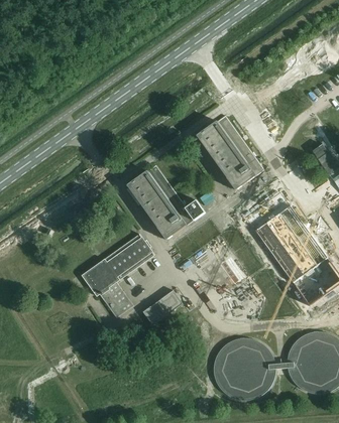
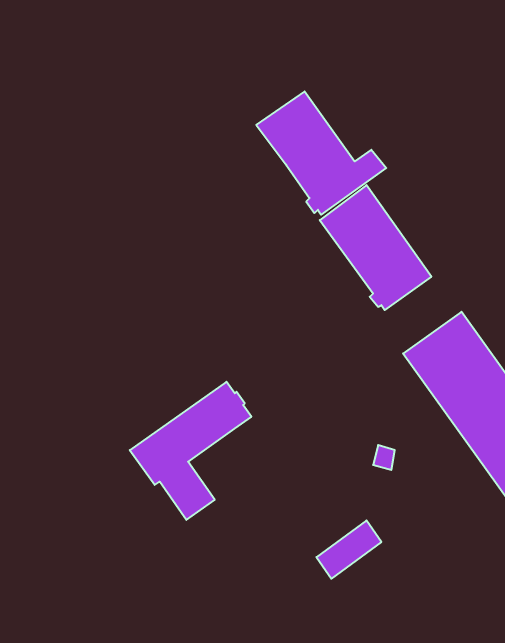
building: [126,165,205,240] -> [256,91,386,215]
building: [142,290,182,325] -> [316,520,381,579]

